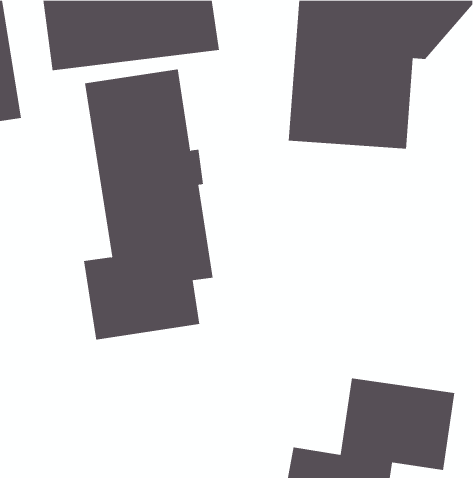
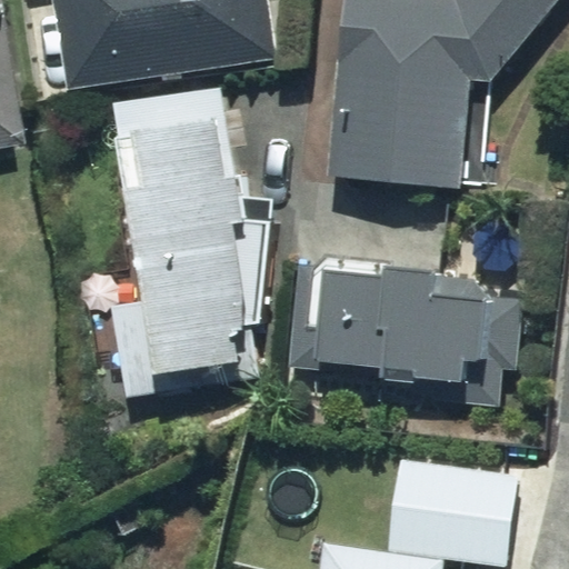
building: none -> [297,253,510,372]

